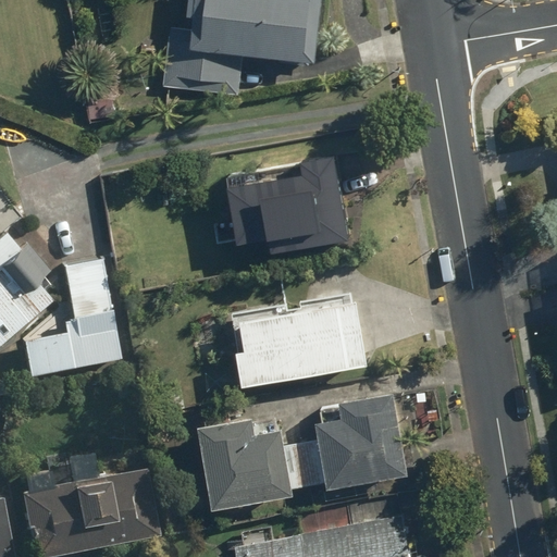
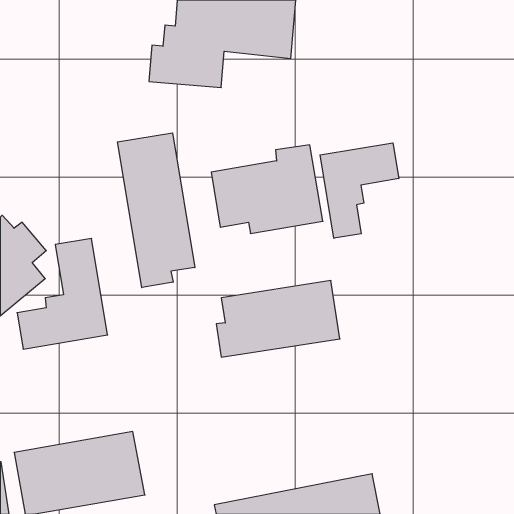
building: none -> [117,133,195,288]
building: none -> [320,143,399,238]
building: [196,391,408,510] -> none

